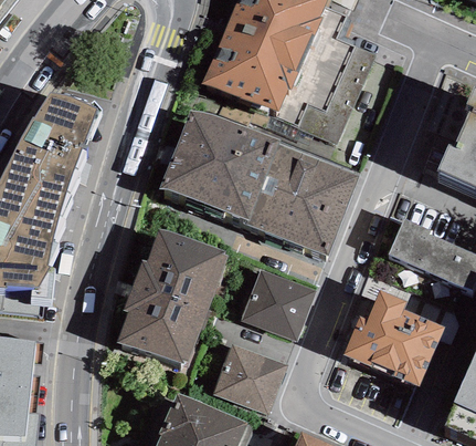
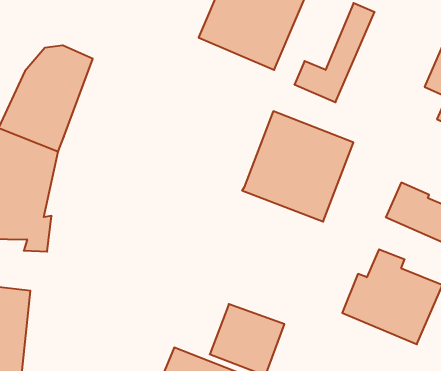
building: [159,113,279,228] -> none
building: [118,236,229,373] -> none
building: [242,269,316,341] -> none

